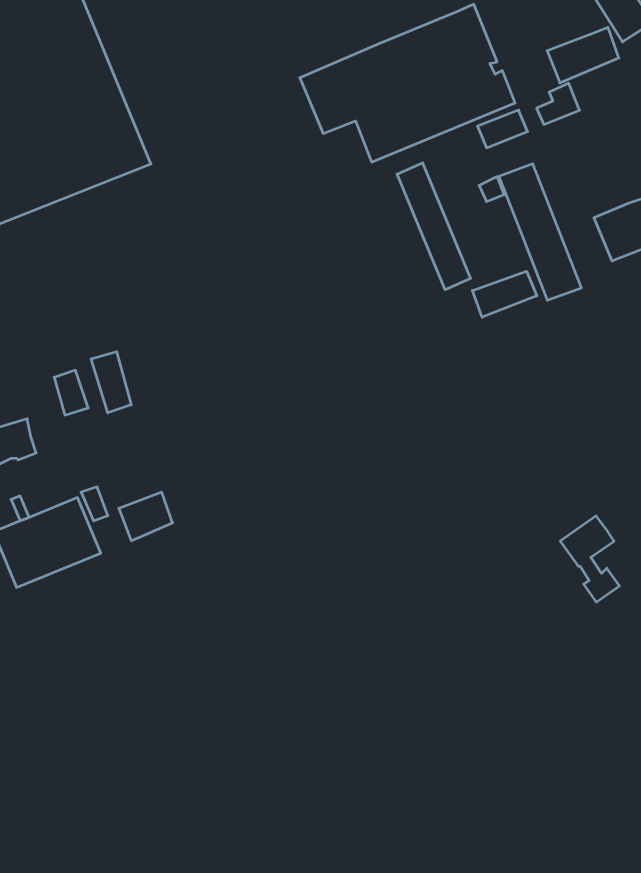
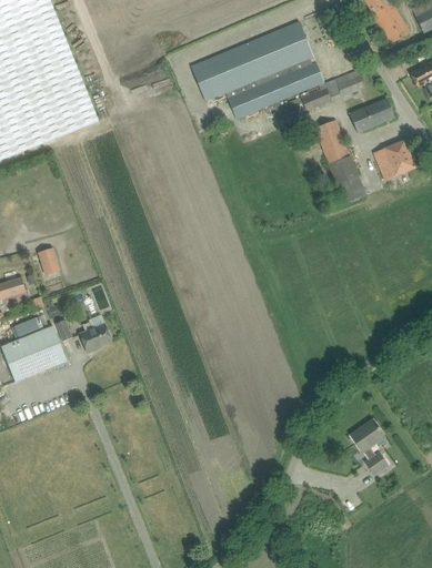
building: [547,27,619,83] -> [350,98,394,132]
building: [397,163,471,290] -> none
building: [472,271,537,317] -> none
building: [91,352,131,413] -> none
building: [560,516,619,602] -> [351,419,388,473]

